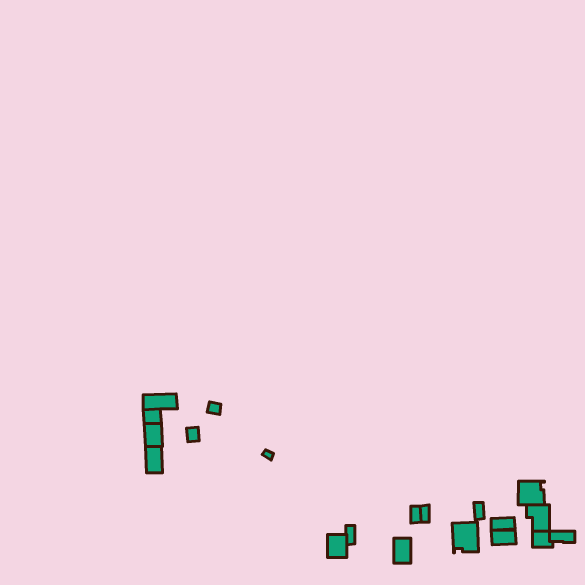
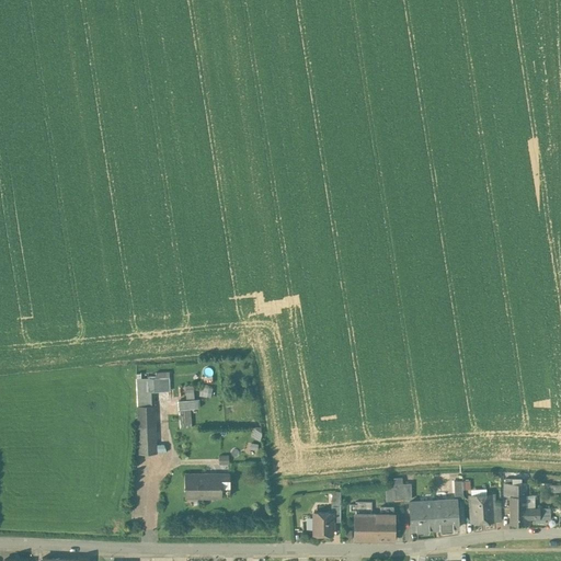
building: [518,481,545,505] -> none
building: none -> [185,474,221,497]
building: none -> [410,501,434,530]
building: none -> [355,514,377,539]

